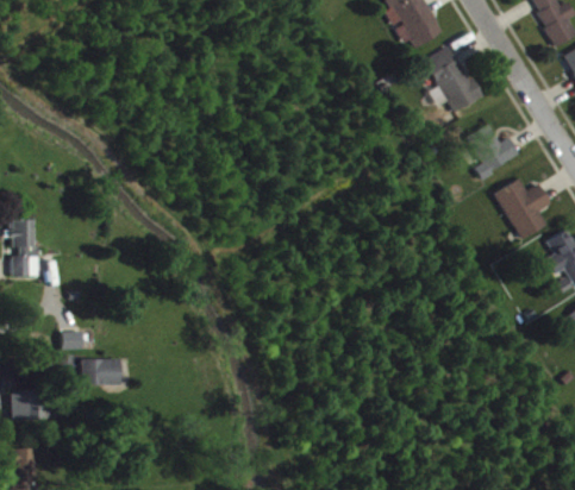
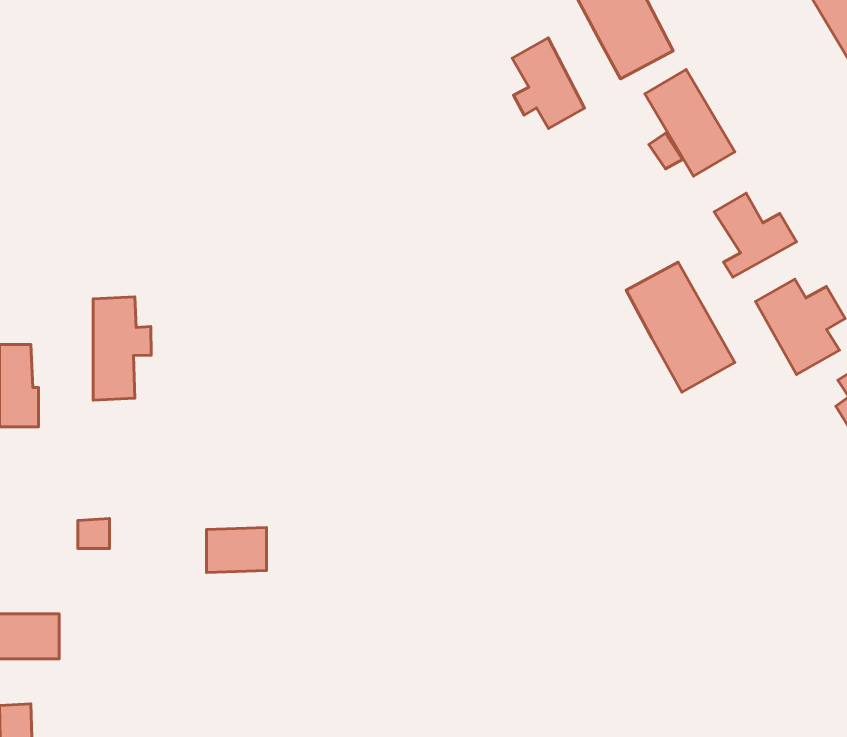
building: none -> [512,38,584,128]
building: none -> [626,262,735,392]
building: none -> [93,297,151,400]
building: [83,358,121,387] -> [207,528,266,572]

